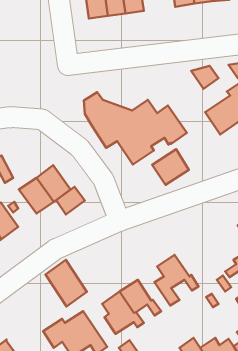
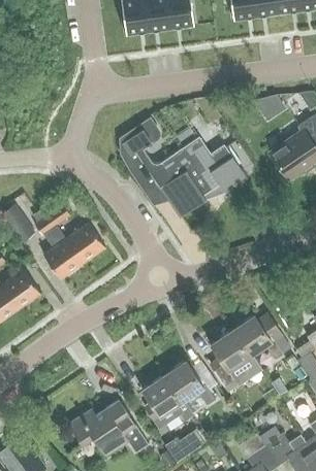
building: [152,149,189,185] -> none
building: [56,187,85,214] -> none
building: none -> [232,313,290,360]
building: [46,260,87,306] -> none

